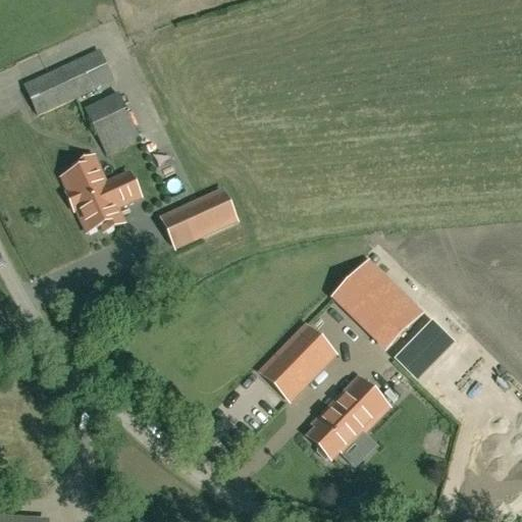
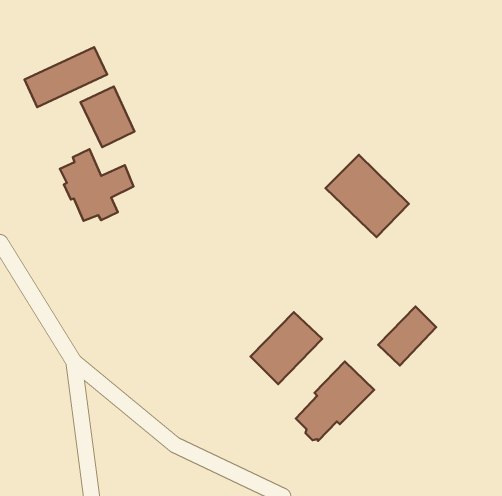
building: [161,190,234,246] -> none
building: [333,260,420,346] -> [325,155,409,237]

